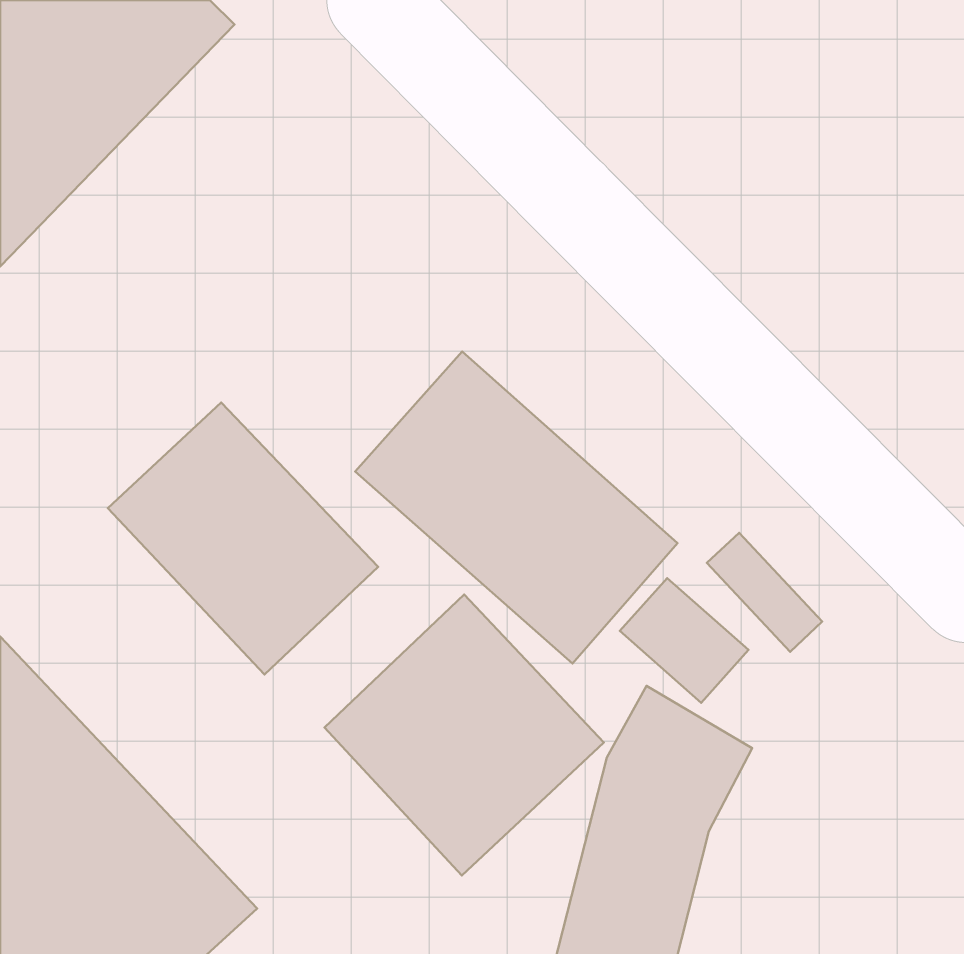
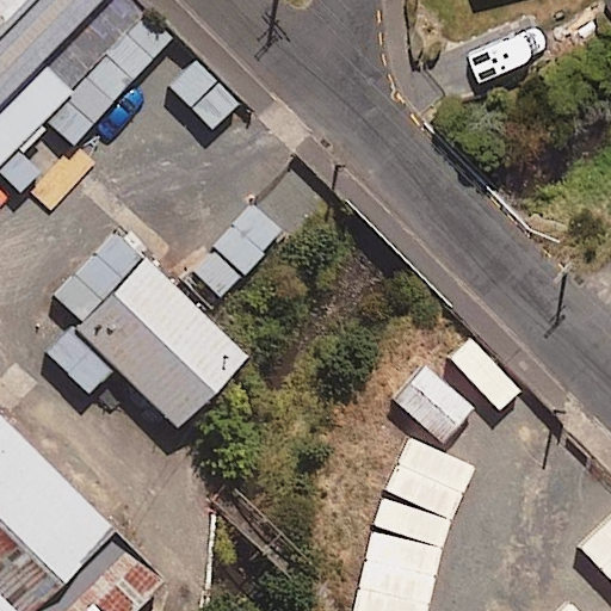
building: [355,351,678,663] -> none
building: [324,595,604,876] -> none

